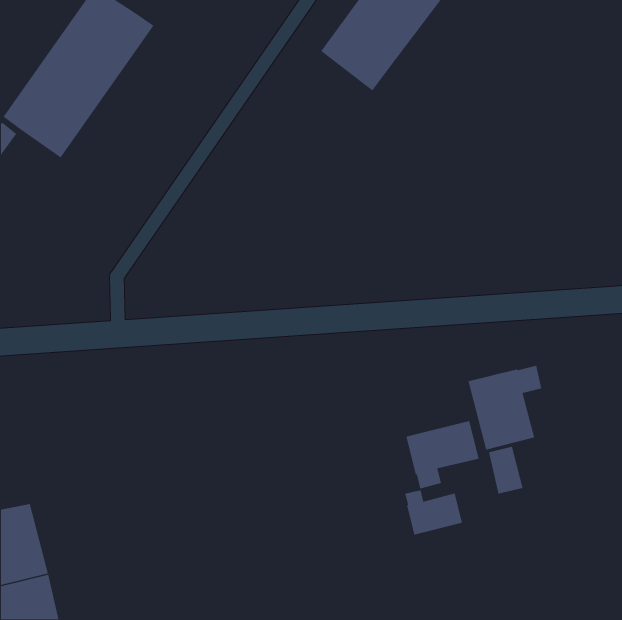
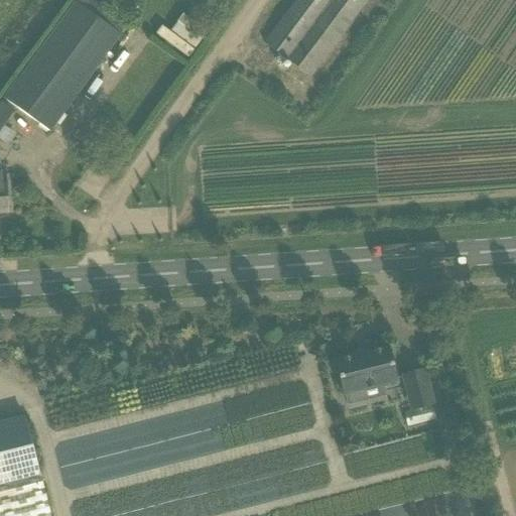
building: [468,365,542,450] -> none
building: [404,489,463,536] -> none

